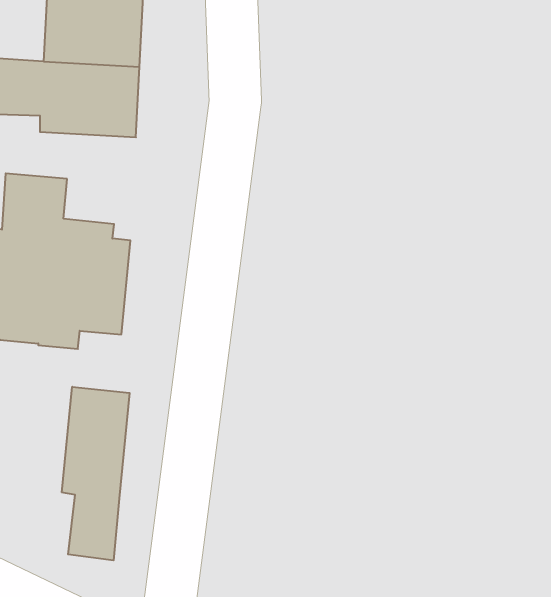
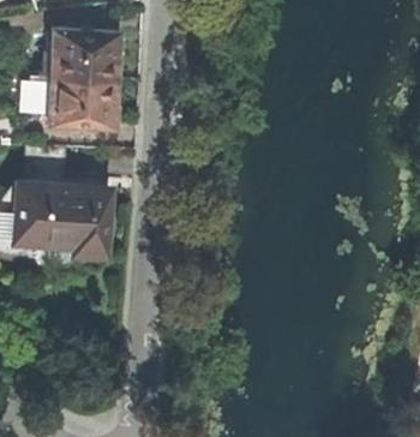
building: [62,387,130,560] -> none

